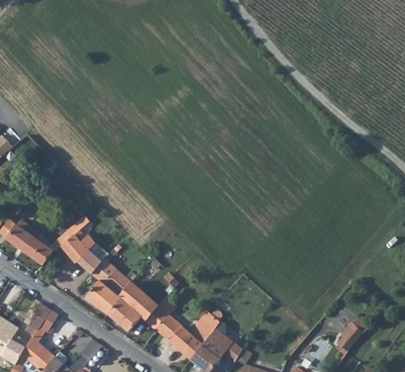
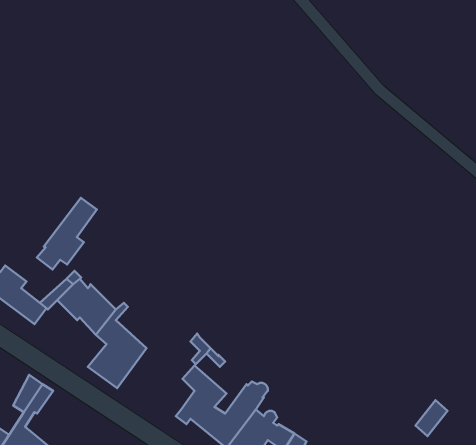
building: none -> [37,198,97,269]
building: [108,283,167,332] -> none

